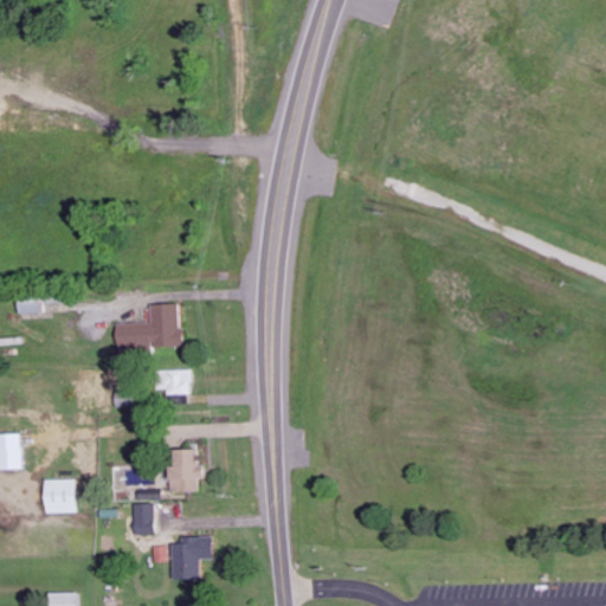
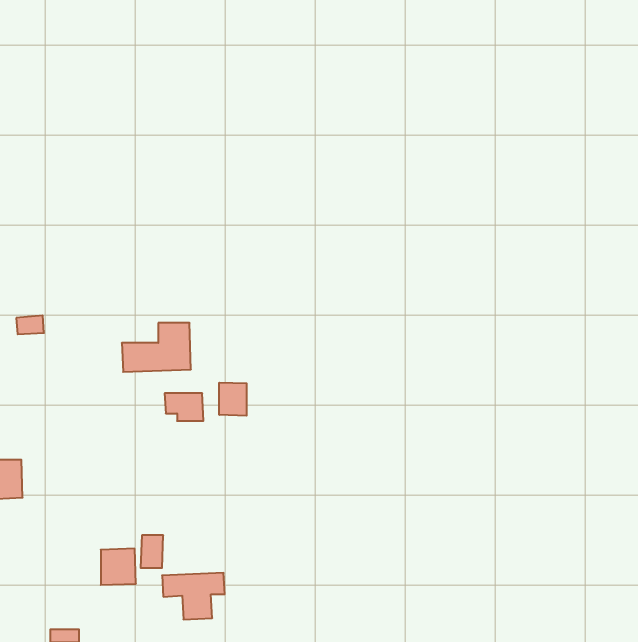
building: none -> [219,383,247,416]
building: [167,449,201,492] -> none
building: [43,479,76,514] -> [101,549,136,585]

